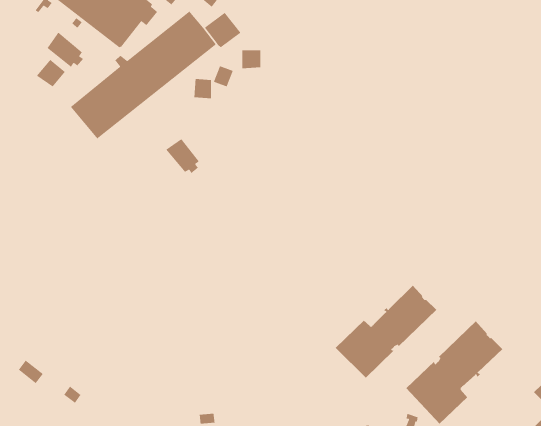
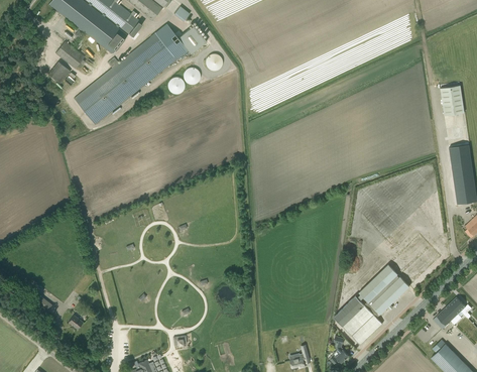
building: [165,138,200,174] -> none
building: [335,285,437,379] -> none

